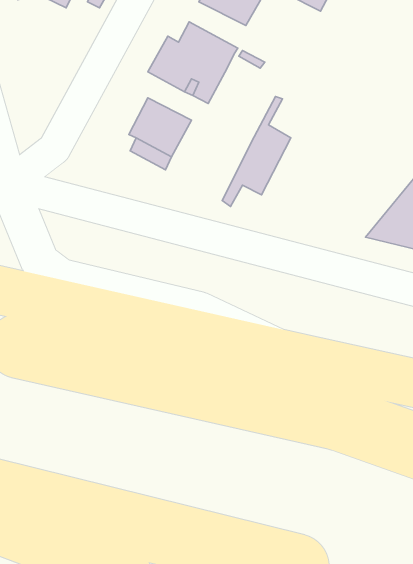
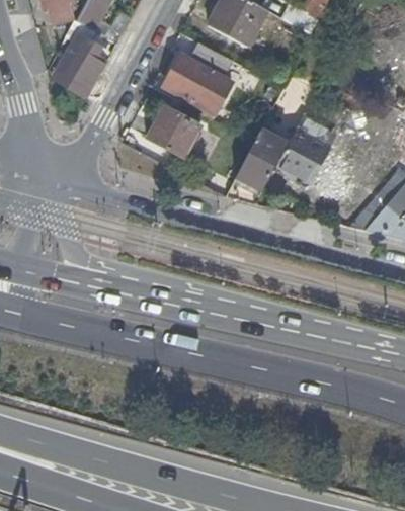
building: none -> [60,36,103,91]
building: none -> [276,129,330,183]

